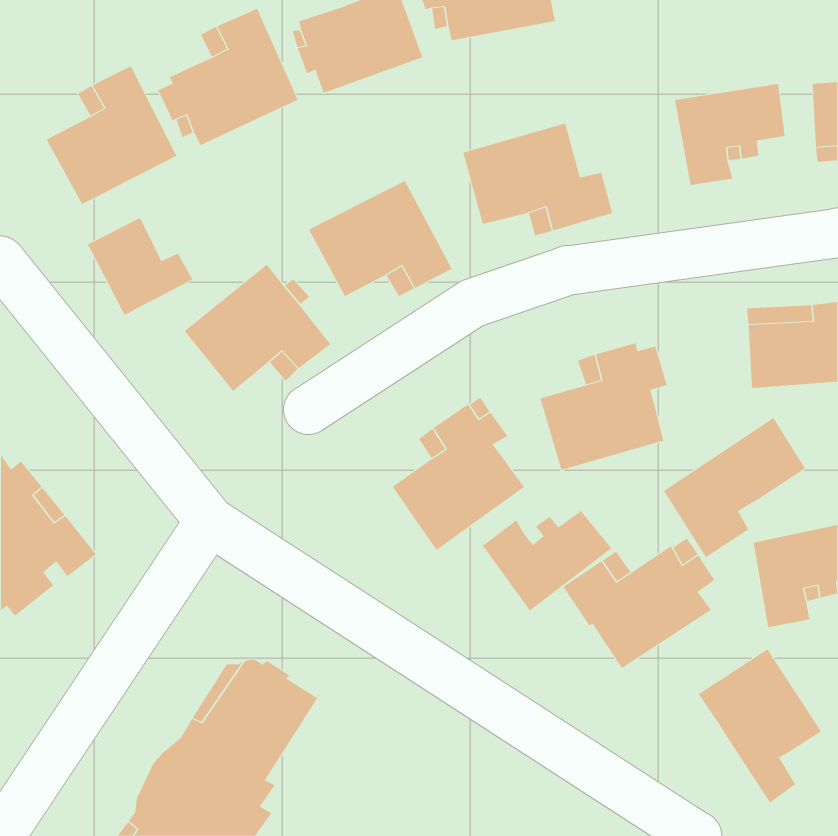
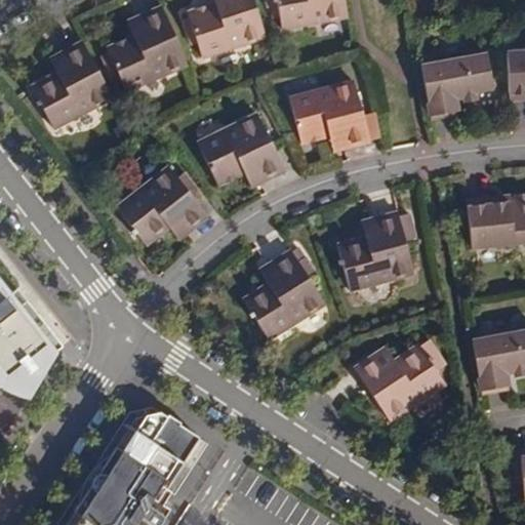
building: [87,217,193,316] -> none
building: [663,417,806,558] -> none
building: [480,510,612,611] -> none
building: [698,648,822,803] -> none

